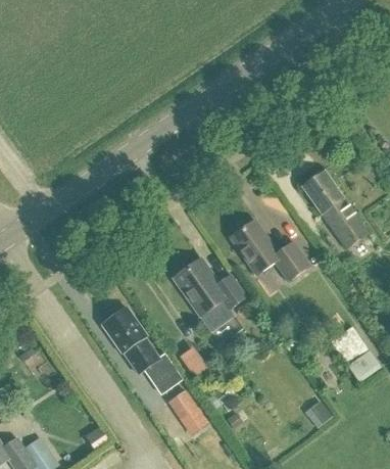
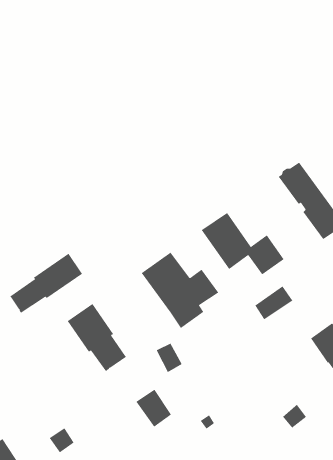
building: none -> [9,253,83,313]
building: none -> [254,285,293,320]
building: [143,353,182,393] -> none

